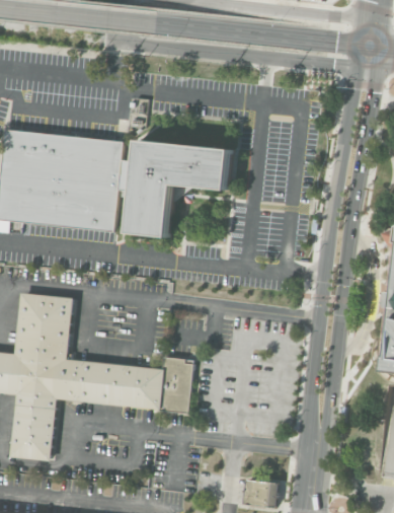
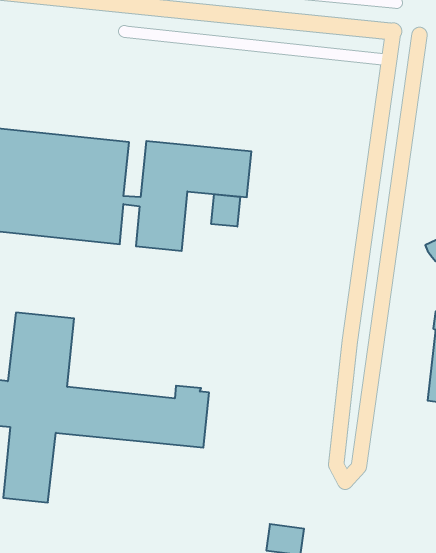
building: none -> [211,194,240,227]

